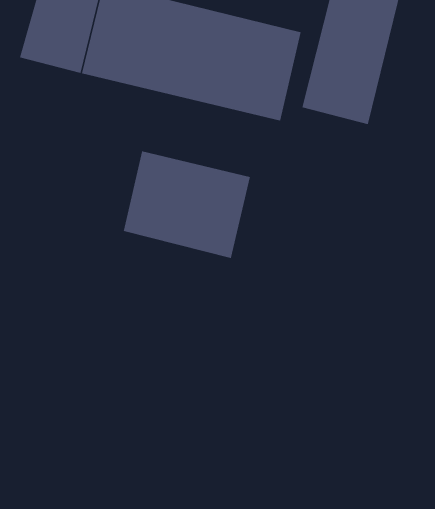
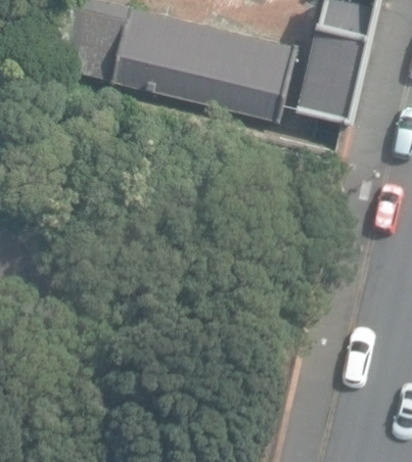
building: [123,151,251,259] -> none

